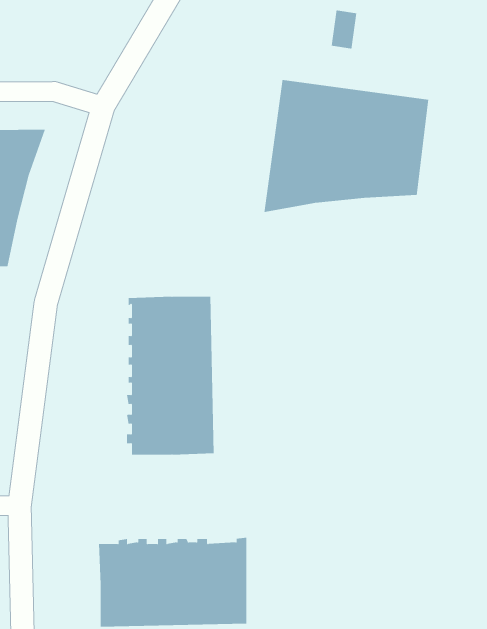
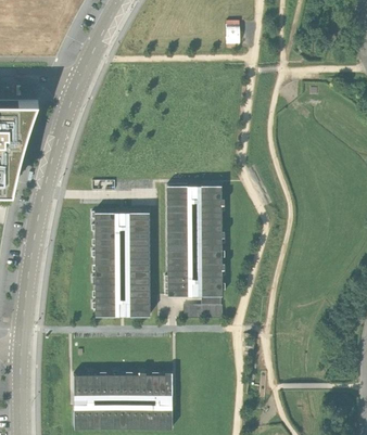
building: [264,79,429,213] -> none
building: none -> [163,184,224,319]

